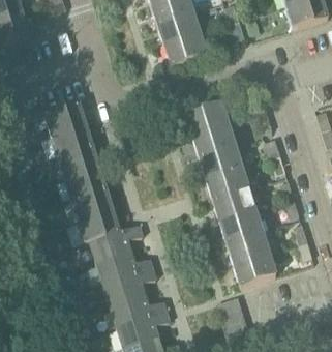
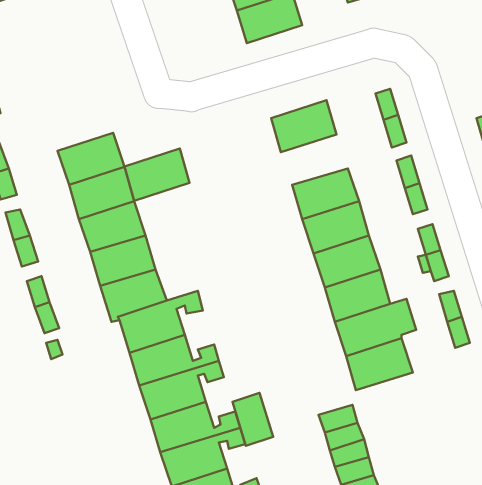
building: [44,100,86,134] -> [124,149,190,201]
building: [192,123,235,155] -> none
building: none -> [232,393,273,446]

